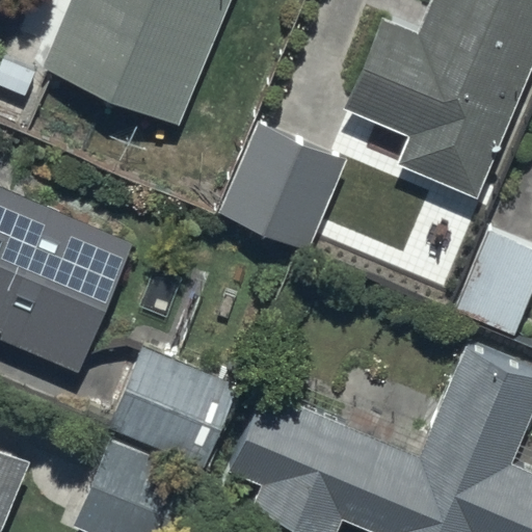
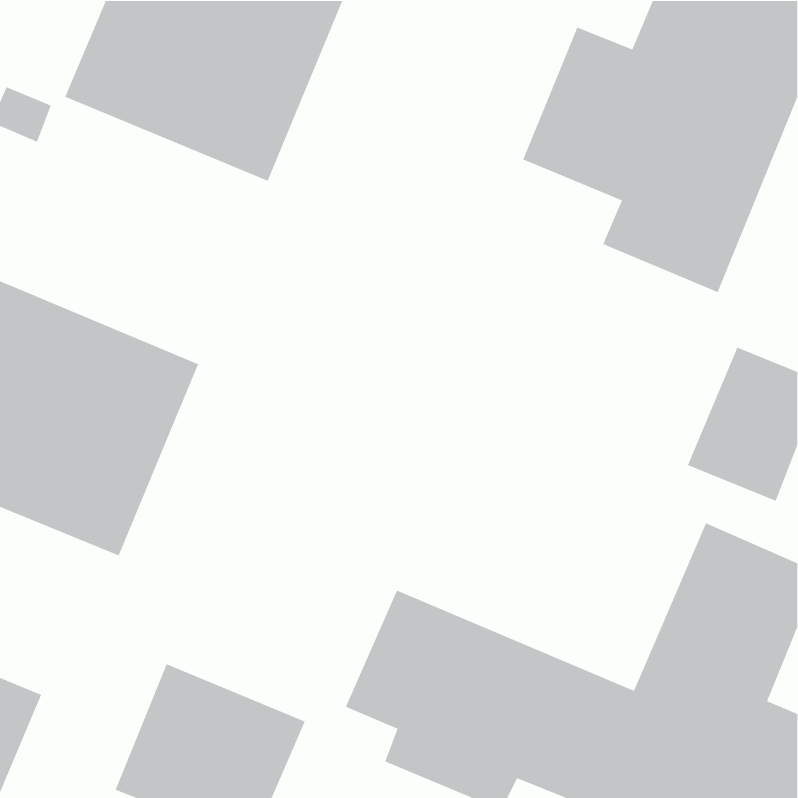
building: [220,124,345,250] -> none
building: [109,347,238,468] -> none

